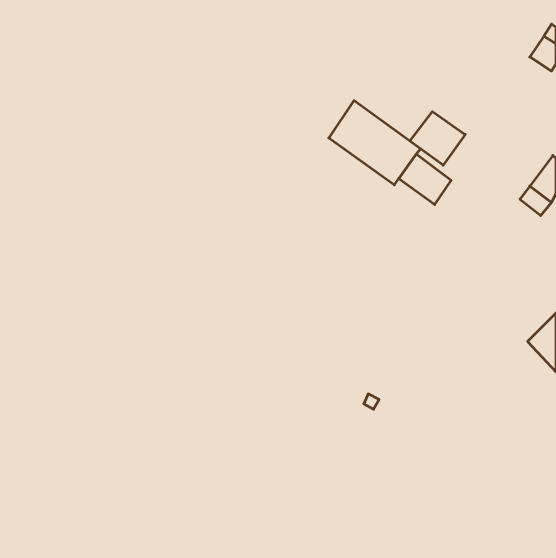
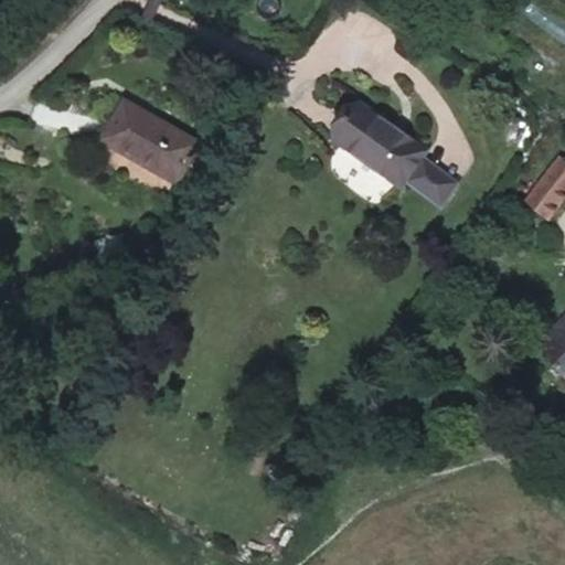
building: none -> [99,99,199,183]
building: [410,112,465,165] -> none

